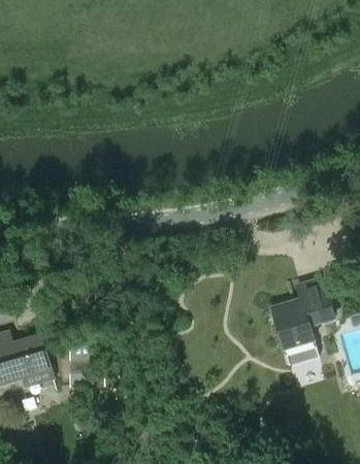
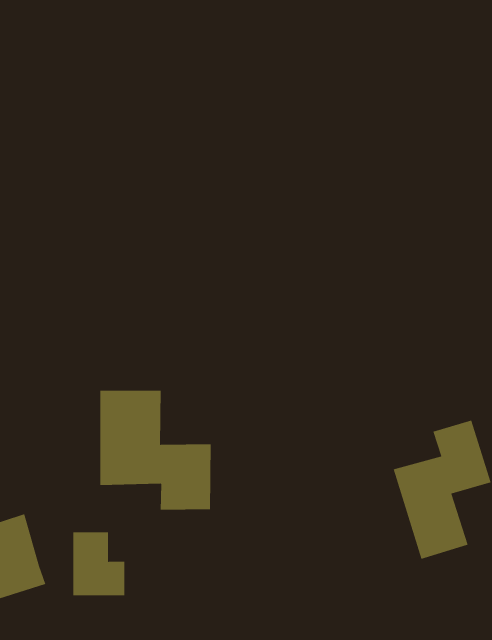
building: none -> [100,390,211,511]

